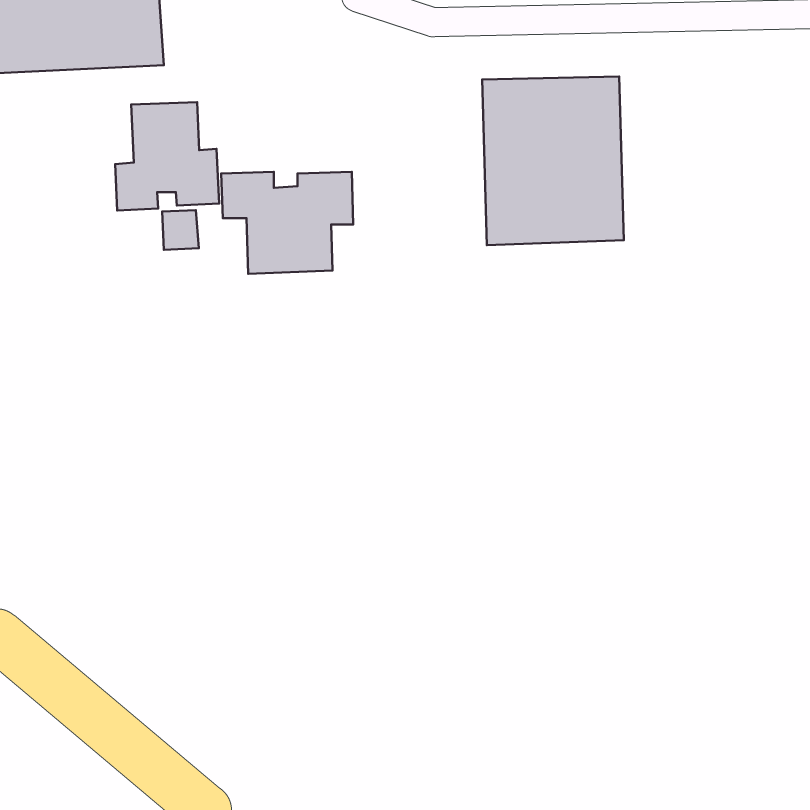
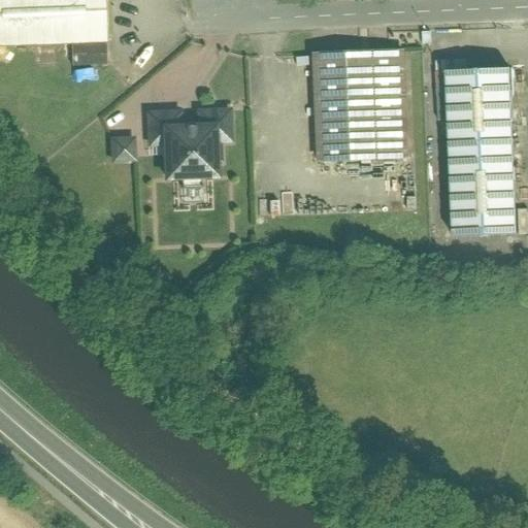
building: none -> [446,66,516,233]
building: [115,102,219,211] -> none

